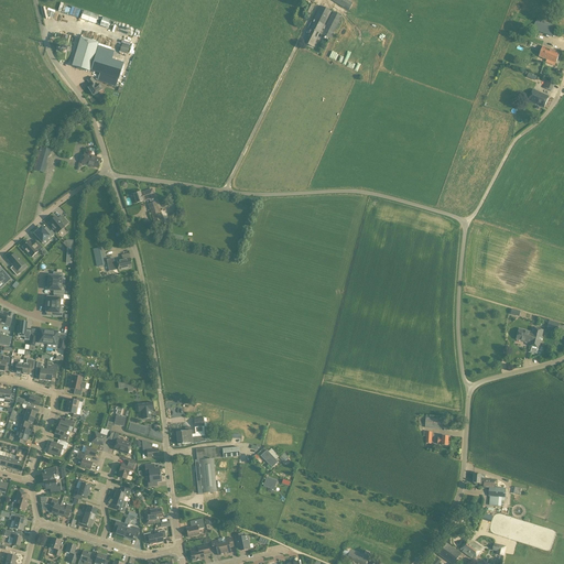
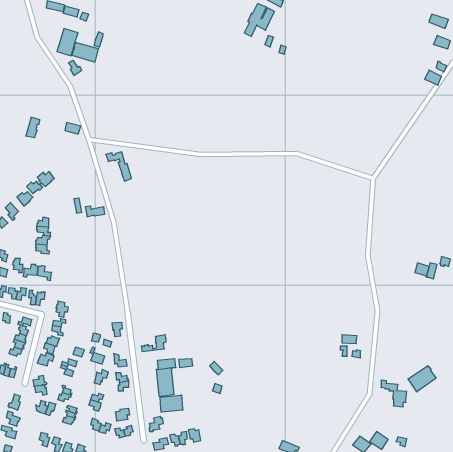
building: none -> [408,366,436,392]
building: none -> [160,395,183,412]

